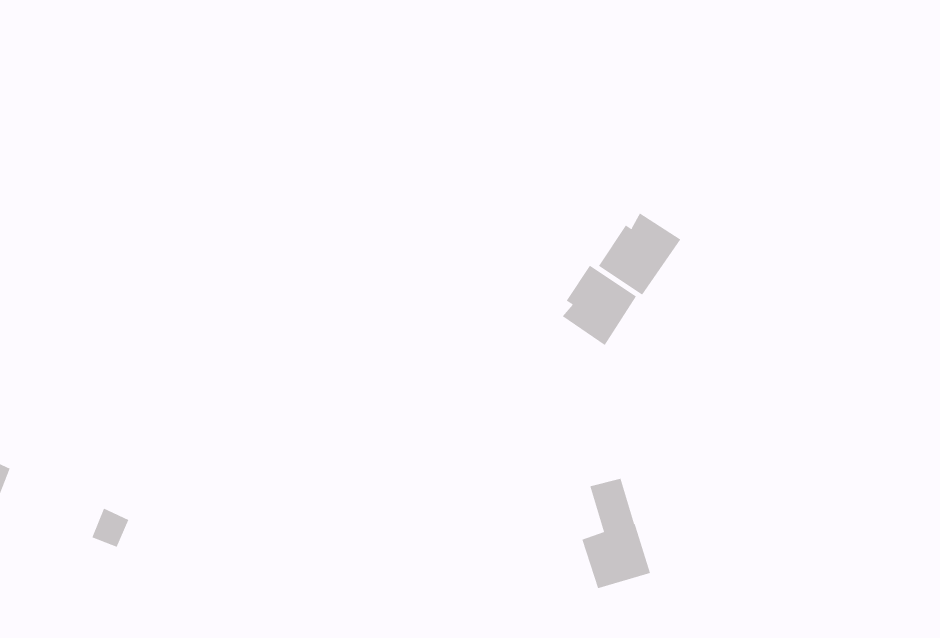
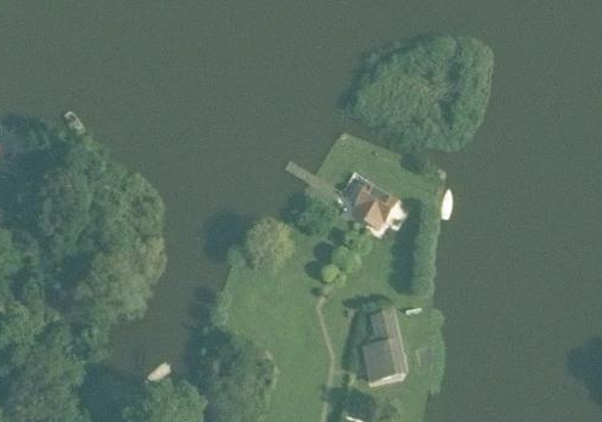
building: [598,212,681,296] -> none

